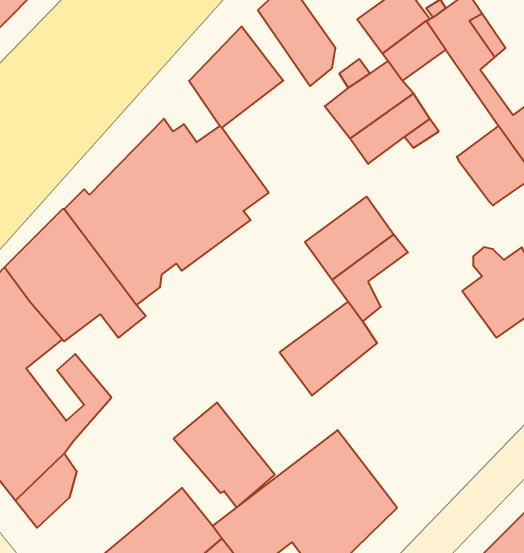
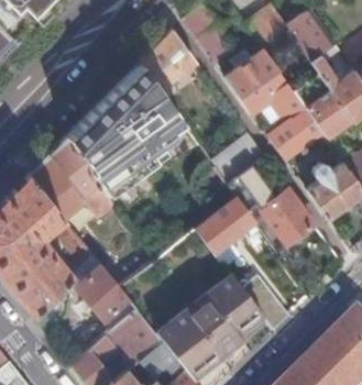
building: none -> [267,109,323,161]
building: none -> [261,187,316,243]
building: [174,402,275,507] -> [75,264,136,328]

